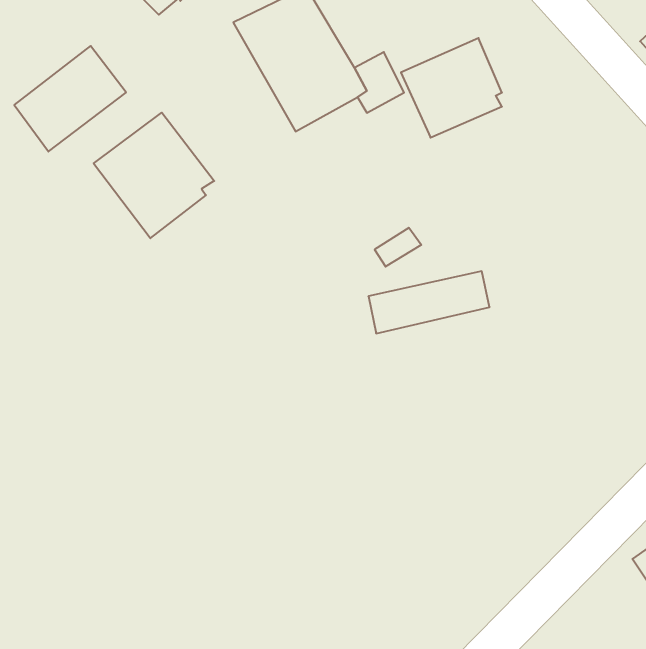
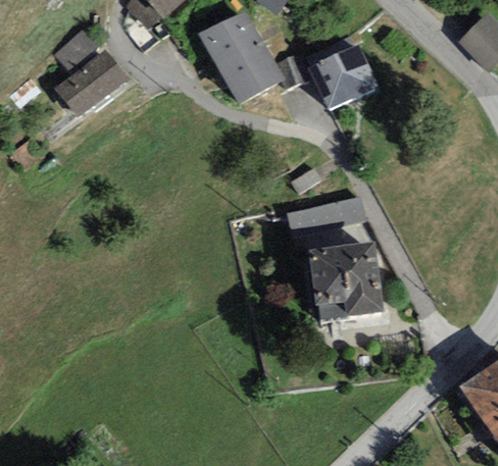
building: none -> [55,30,97,71]
building: [94,113,214,238] -> none
building: none -> [308,241,384,319]

